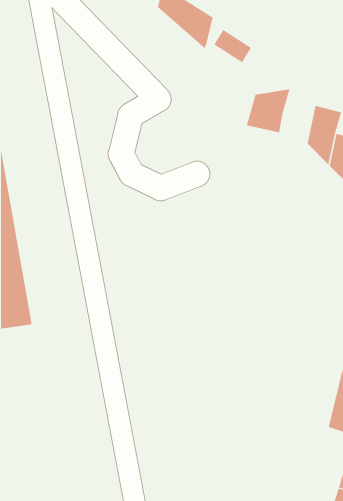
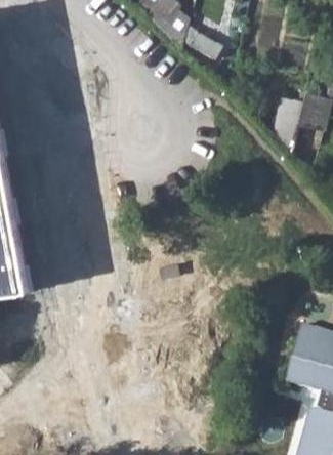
building: [246,89,290,133] -> none

